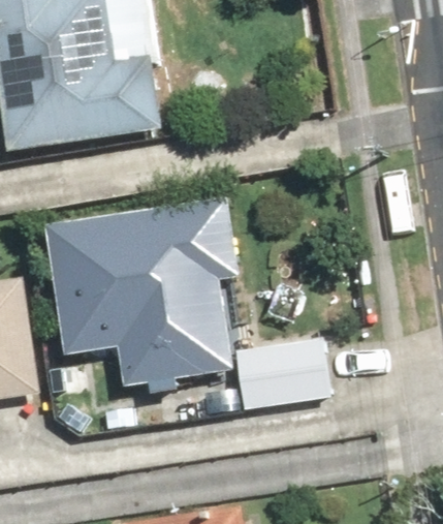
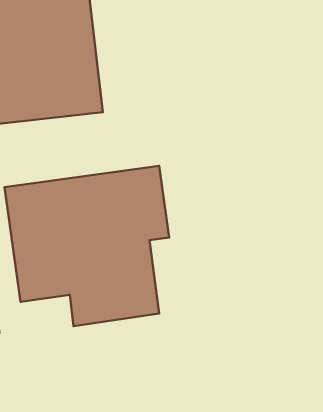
building: [231,329,330,410] -> none

